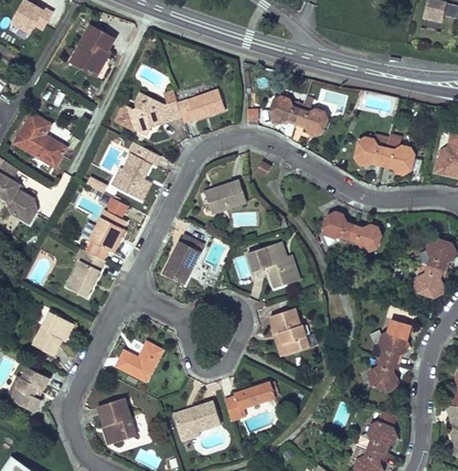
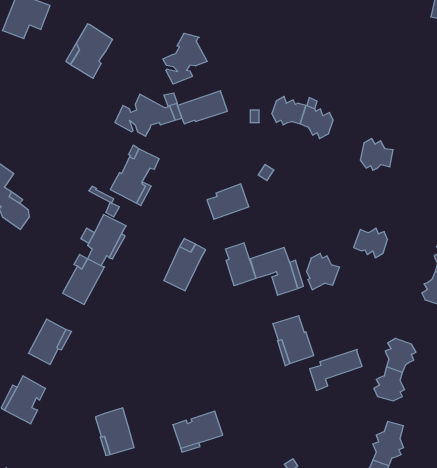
building: none -> [163,33,207,84]
building: [13,111,66,167] -> none
building: [383,136,415,175] -> none
building: [322,211,354,246] -> [307,253,340,290]
building: none -> [226,243,256,286]
building: [115,341,162,382] -> none
building: [224,381,275,420] -> [310,349,362,390]

